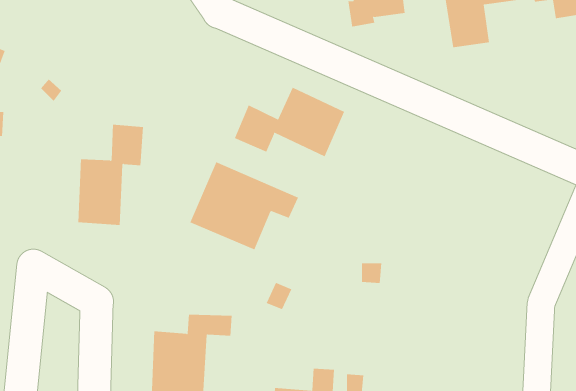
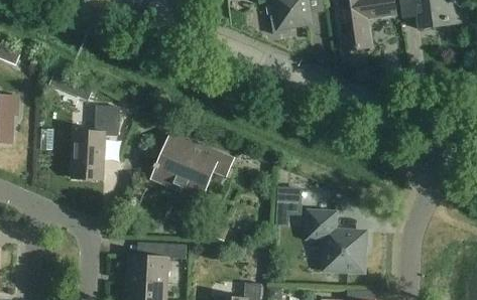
building: [234,87,345,157] -> none
building: none -> [309,209,367,271]

